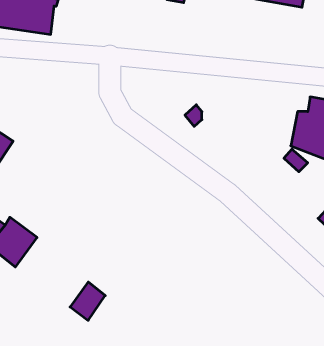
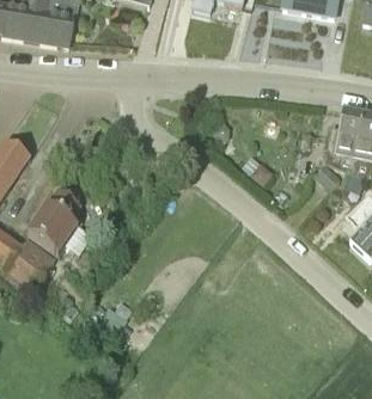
building: none -> [28,189,80,253]

